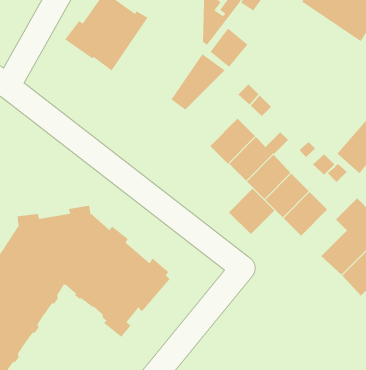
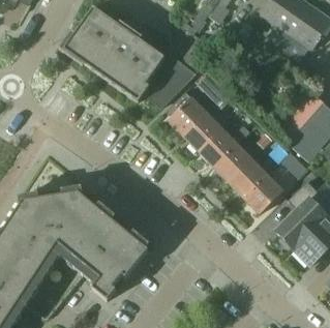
building: none -> [99,28,166,101]
building: none -> [167,97,206,137]
building: [228,188,275,235] -> none

